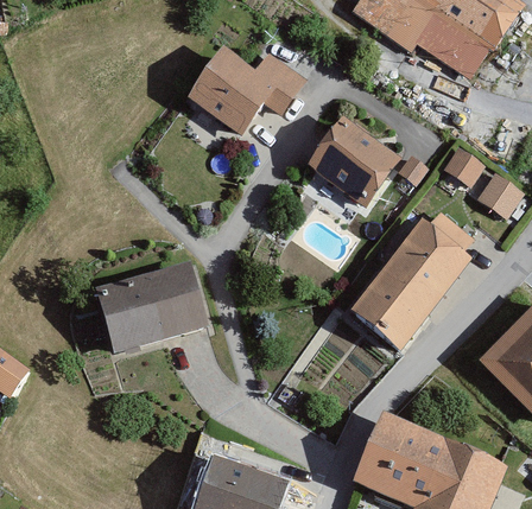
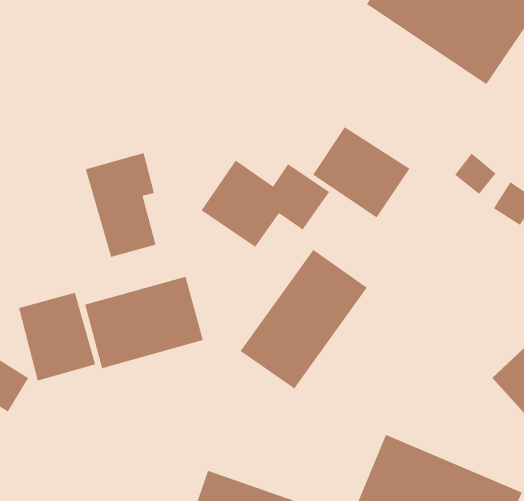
building: [184,47,308,132] -> [201,159,330,248]
building: none -> [85,152,157,258]
building: [349,217,471,351] -> [240,249,368,390]
building: none -> [18,292,96,381]

